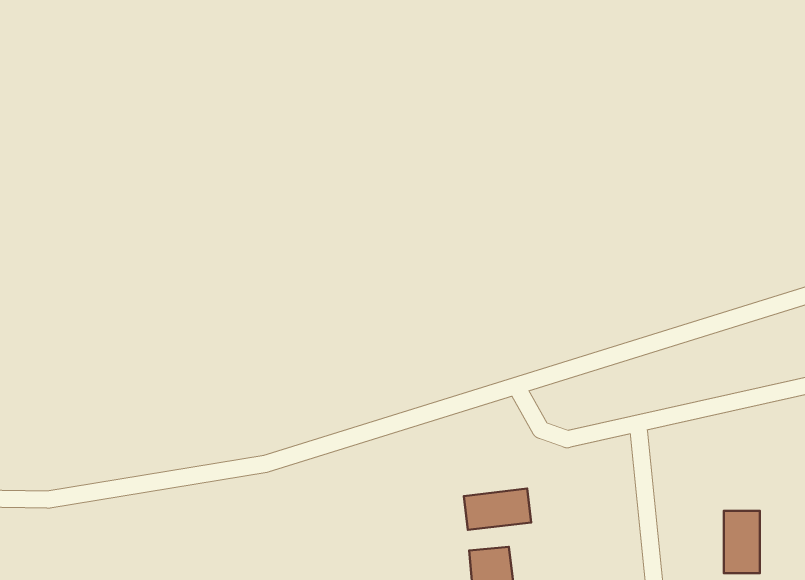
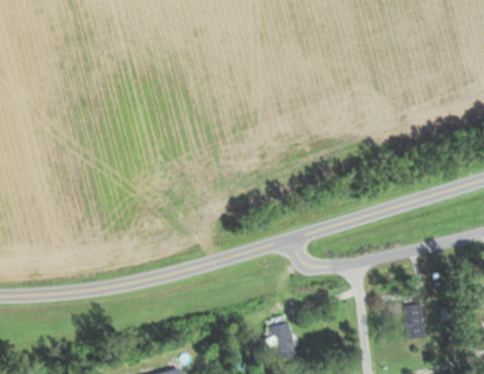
building: [464,489,531,530] -> none

